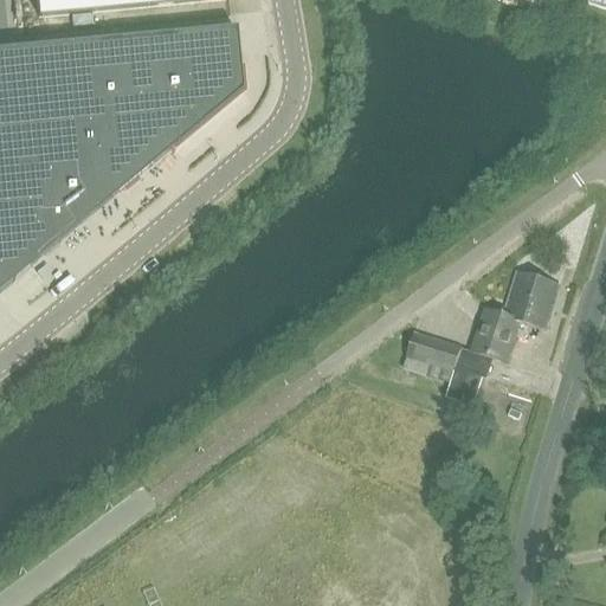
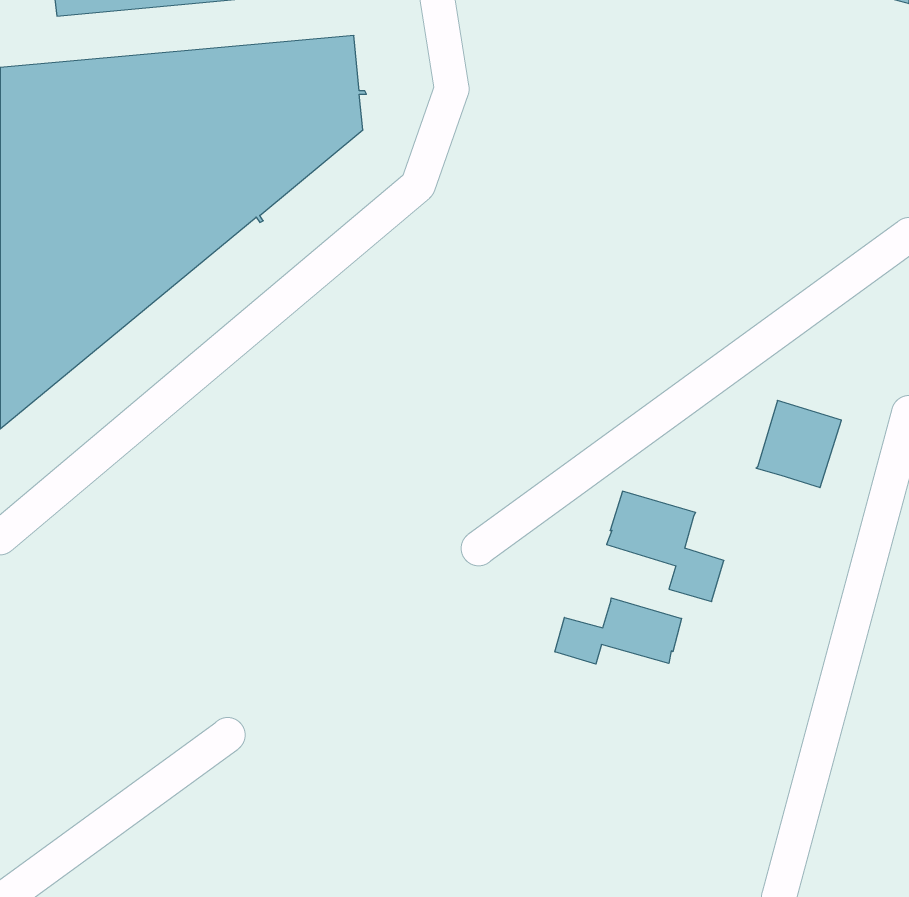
building: [472,304,520,356] -> none
building: none -> [555,598,682,664]

